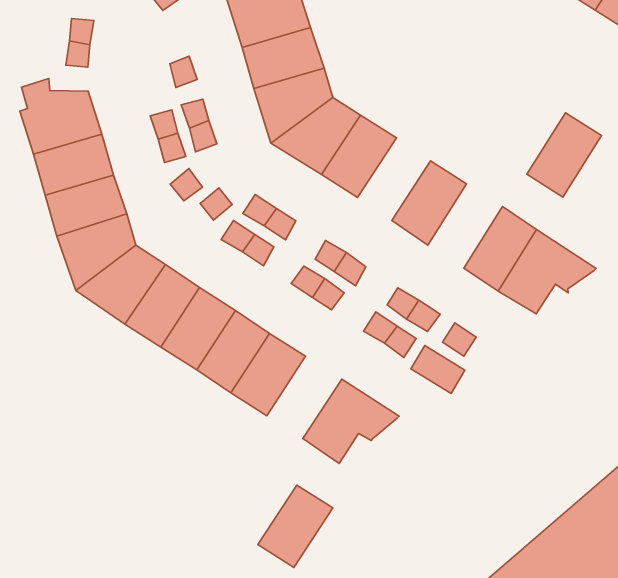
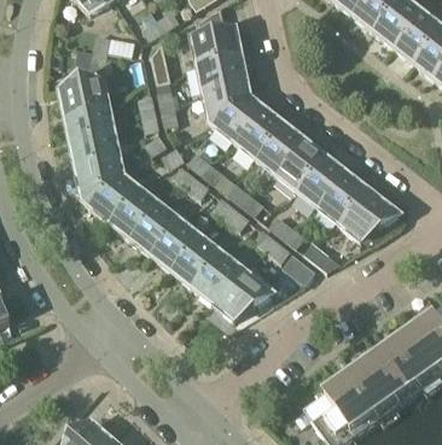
building: [527,113,601,197] -> [299,157,347,207]
building: none -> [260,125,306,175]
building: [258,485,333,567] -> [193,252,240,301]

